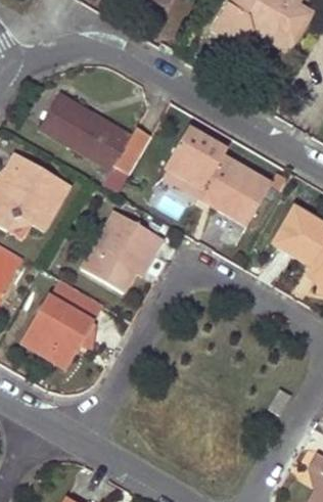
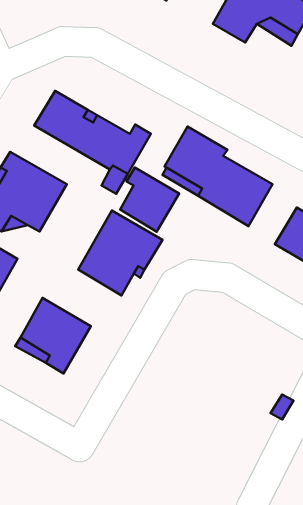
building: none -> [120,167,179,232]
building: [49,278,103,322] -> none

